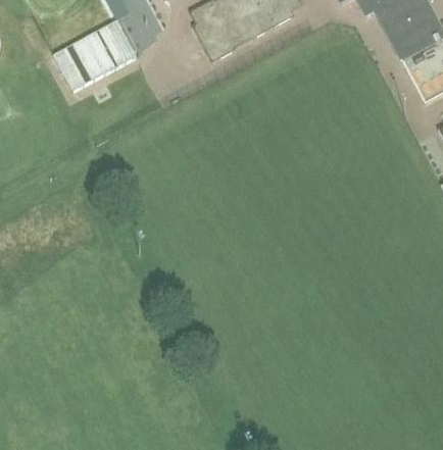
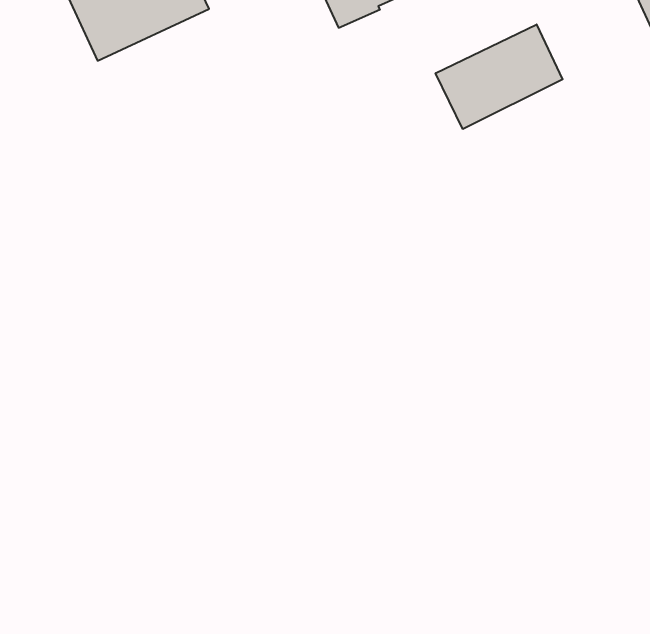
building: none -> [436,24,563,129]

